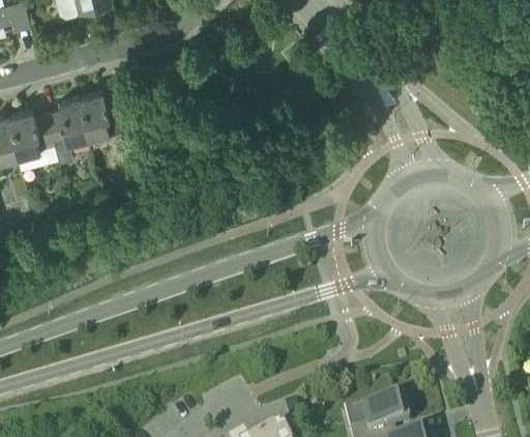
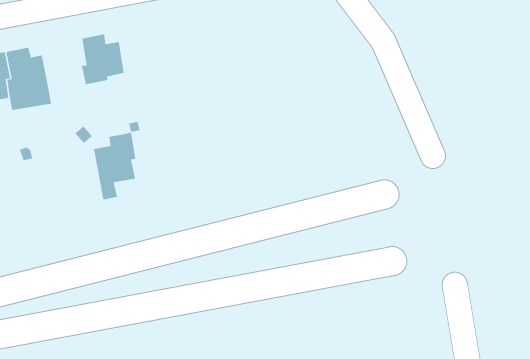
building: [45,96,87,163] -> [93,132,136,200]

